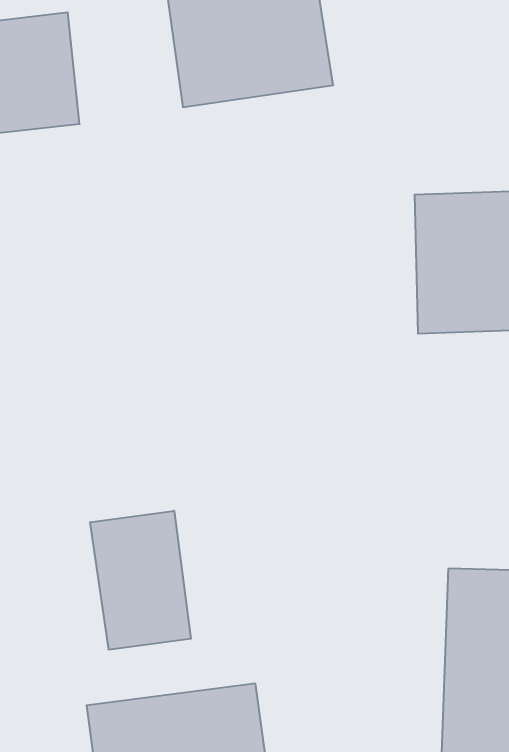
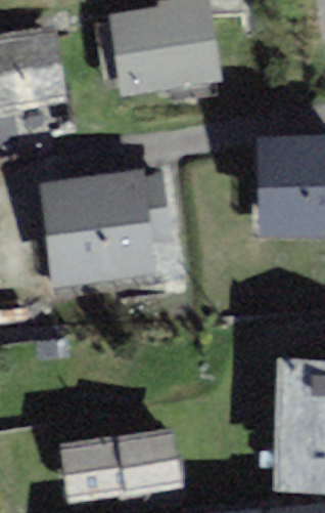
building: none -> [47,177,167,281]
building: [90,511,191,650] -> none

